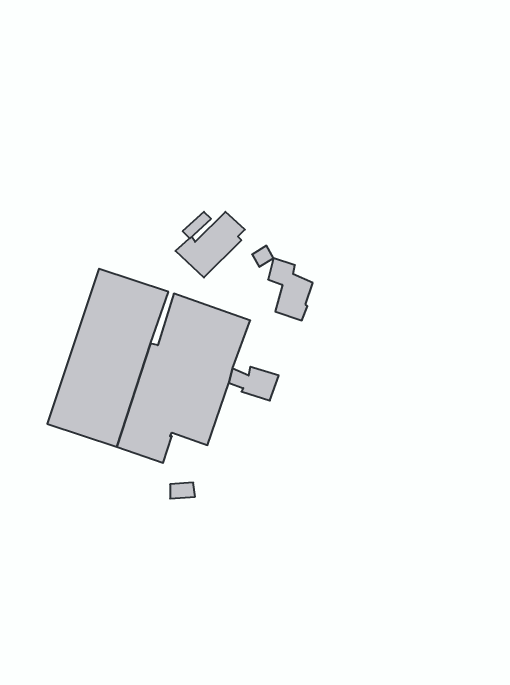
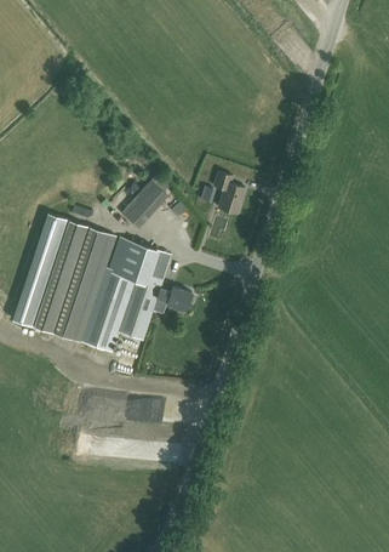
building: none -> [11,214,68,326]
building: [268,258,313,320] -> [213,172,244,215]

